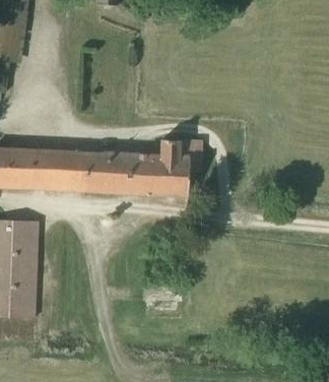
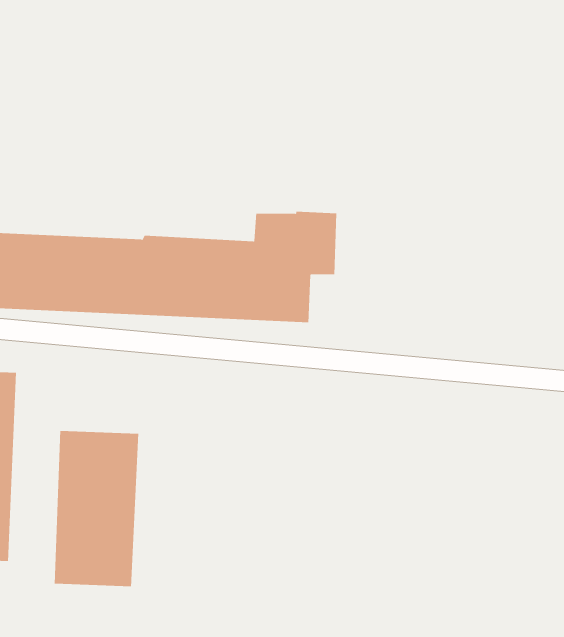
building: none -> [54,430,139,587]

